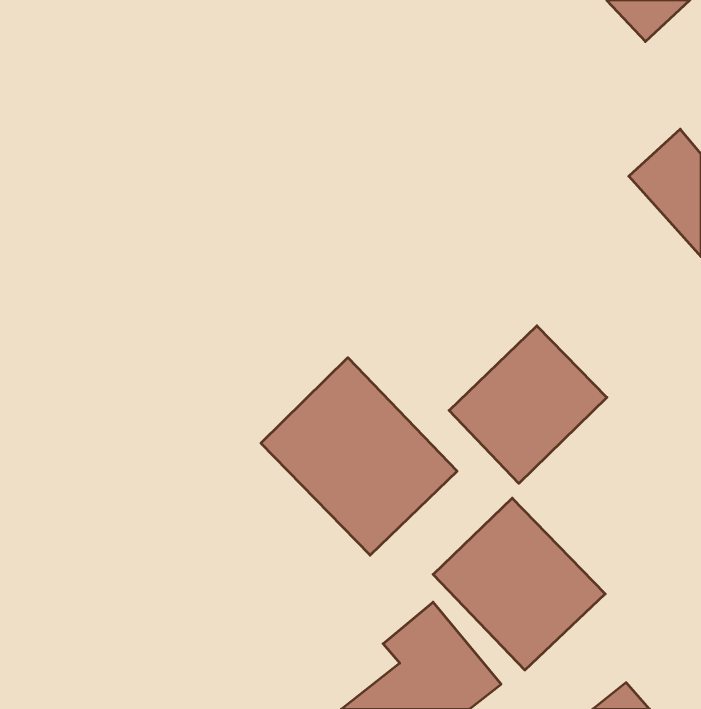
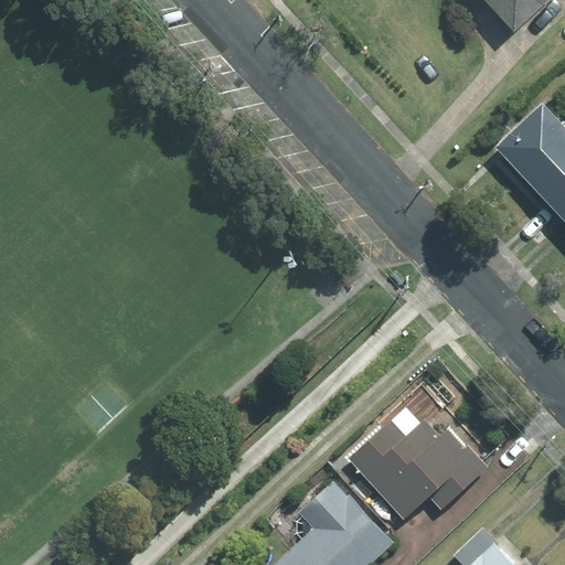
building: [449,326,607,483] -> none
building: [261,358,457,555] -> none

